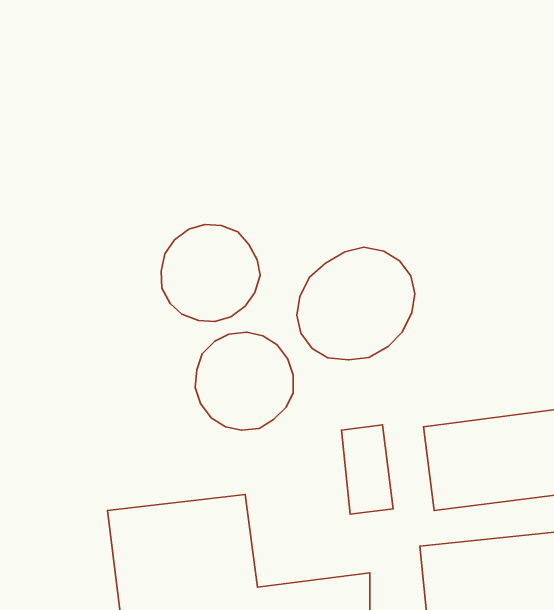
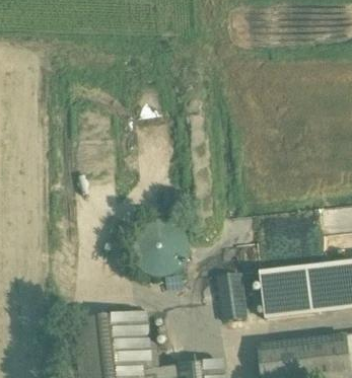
building: [161,224,260,322] -> none
building: [297,247,415,360] -> none

